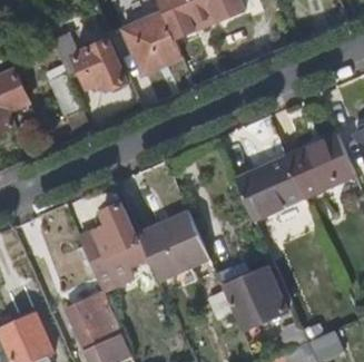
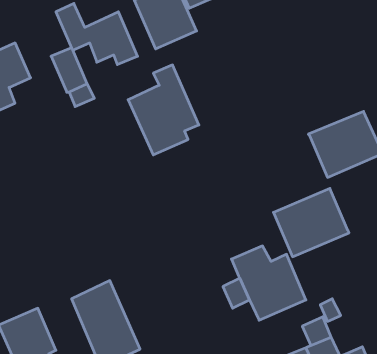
building: [235,155,305,218] -> [273,188,349,257]
building: [78,204,144,287] -> [128,65,199,155]
building: [137,208,209,280] -> none

